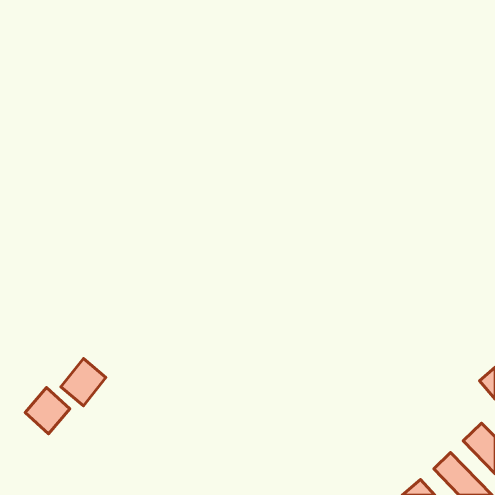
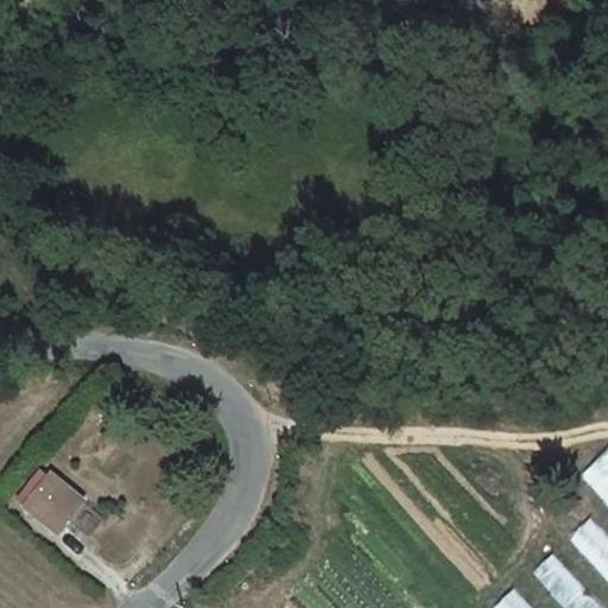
building: [61,359,106,406] -> none

